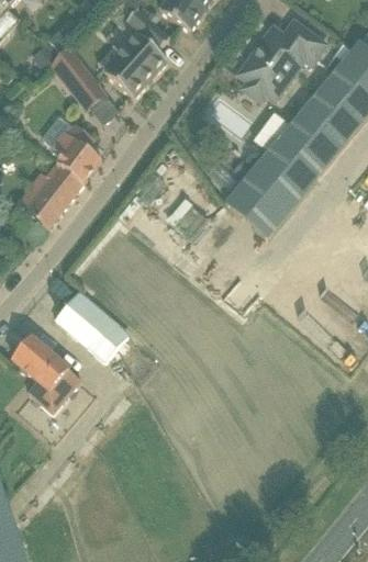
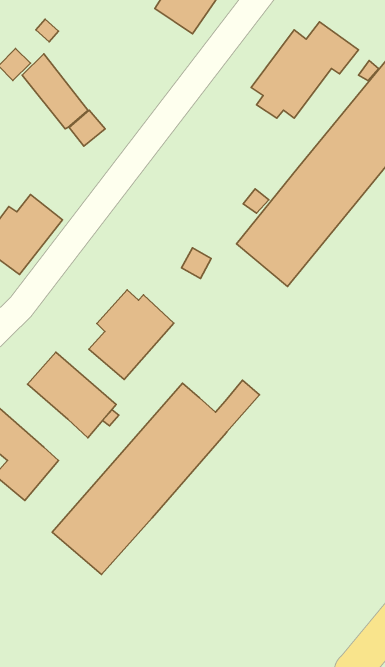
building: [103,8,169,98] -> none
building: [53,123,102,182] -> none
building: none -> [89,290,174,380]
building: none -> [52,380,260,575]

